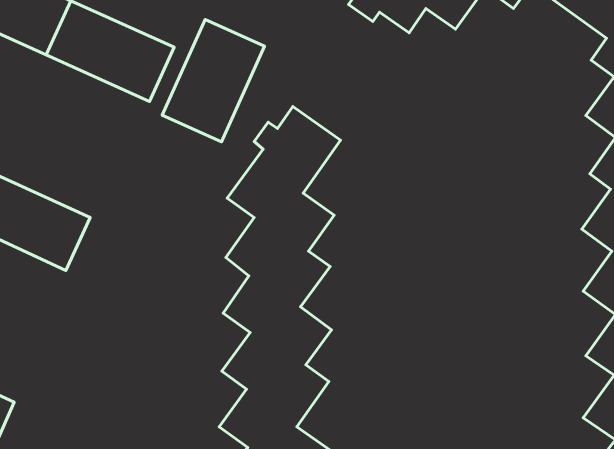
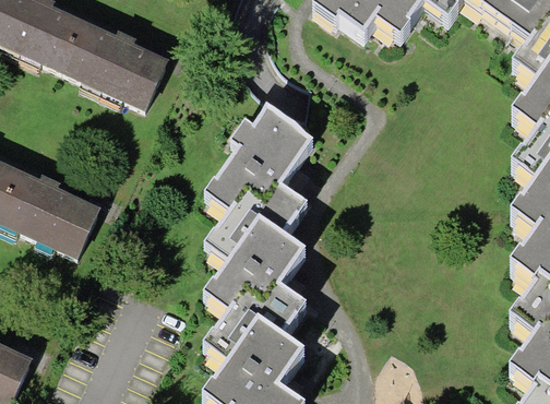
building: [162,19,265,142] -> none

